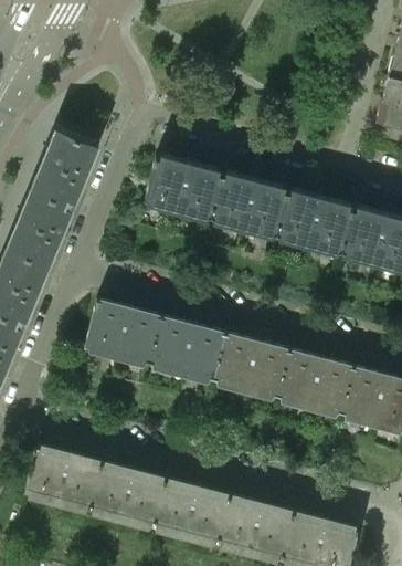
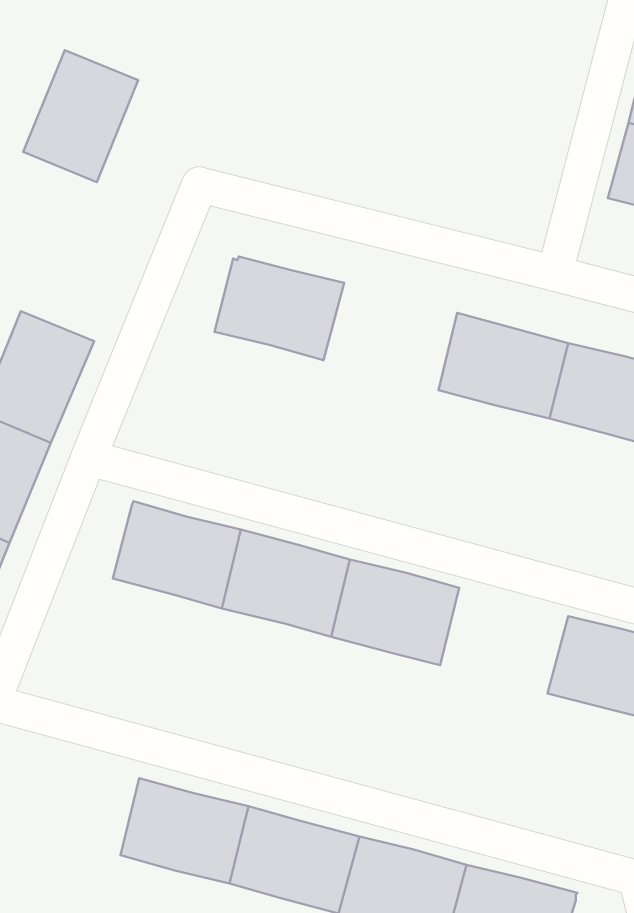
building: [32,129,99,207] -> [23,50,138,182]
building: [210,172,288,235] -> none
building: [278,352,353,413] -> none
building: [27,447,102,509] -> none

